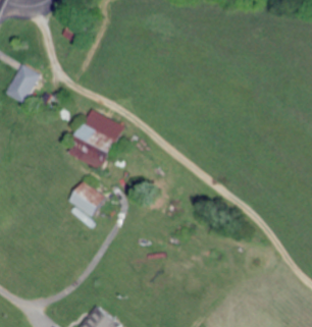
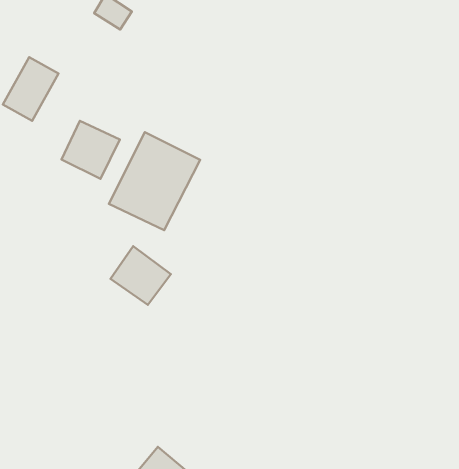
building: none -> [62,121,120,179]

